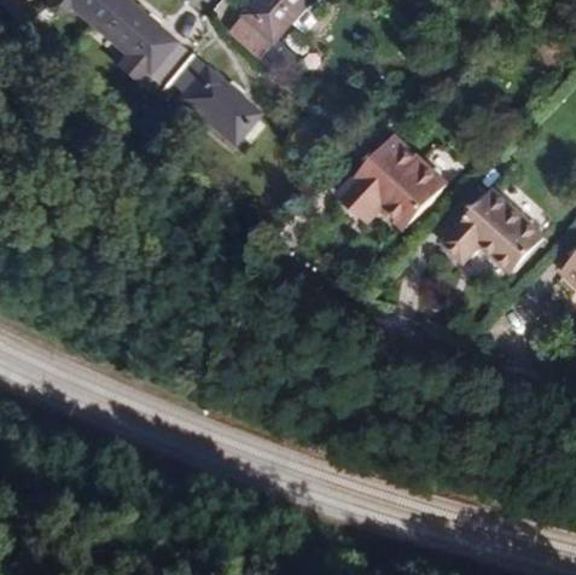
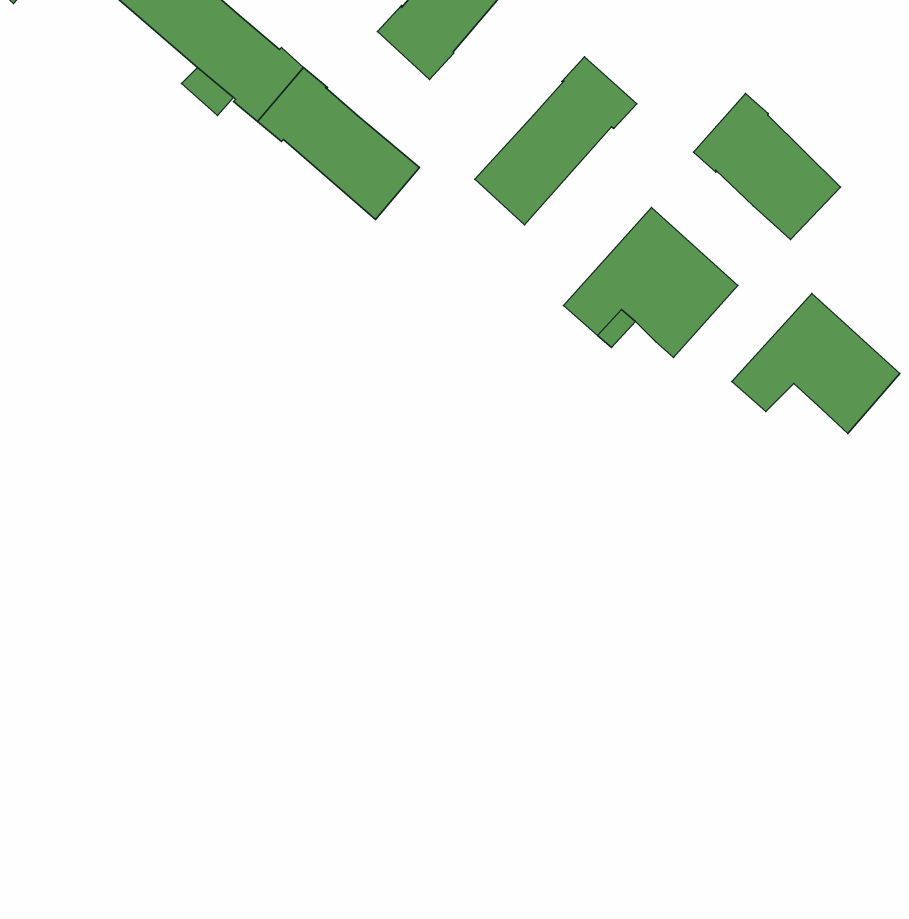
building: none -> [475,57,637,225]
building: none -> [693,94,841,239]

